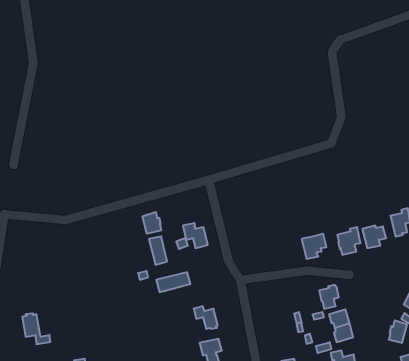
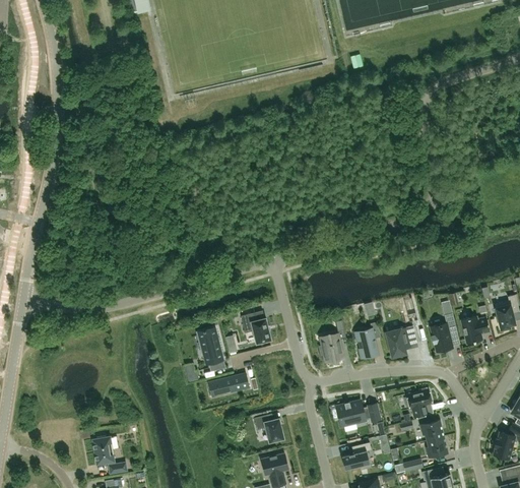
building: [142,212,161,234] -> none
building: none -> [317,320,345,363]
building: none -> [354,322,381,359]
building: none -> [337,402,380,426]
building: [22,313,50,344] -> [92,436,127,474]
building: none -> [341,442,371,470]

